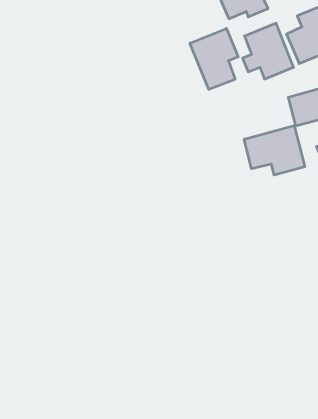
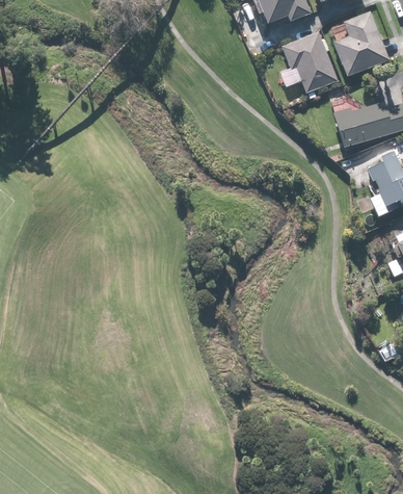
building: [190,28,238,89] -> none
building: [244,126,305,175] -> none

